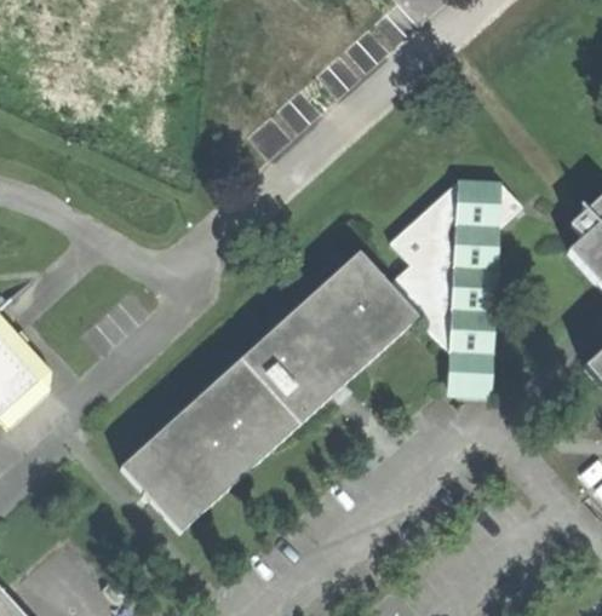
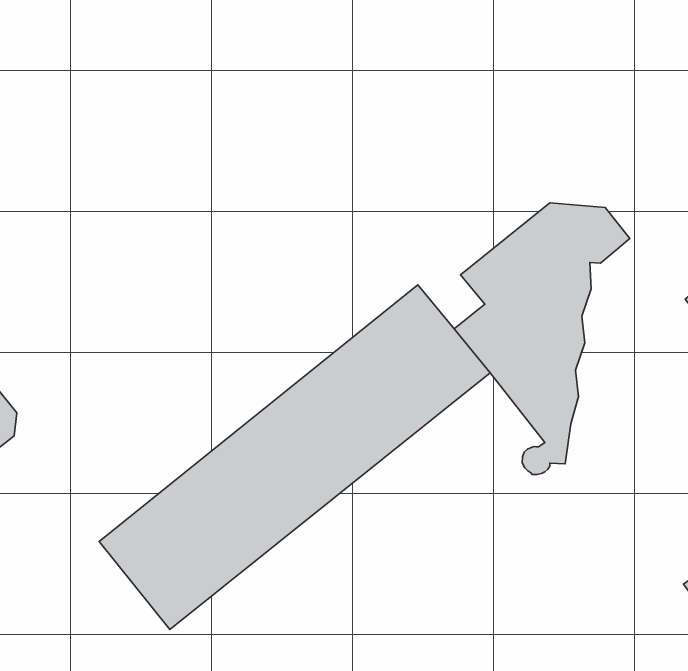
building: [455,226,499,397] -> none

